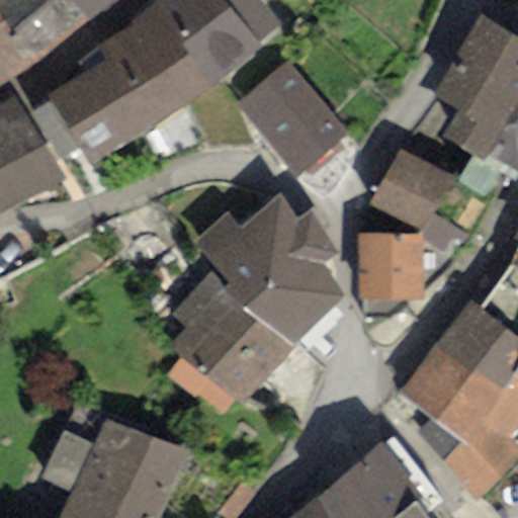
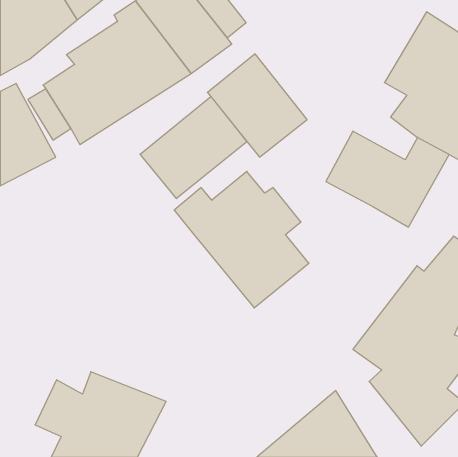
building: none -> [140,96,247,199]
building: [356,233,422,297] -> none
building: [170,264,287,403] -> none

